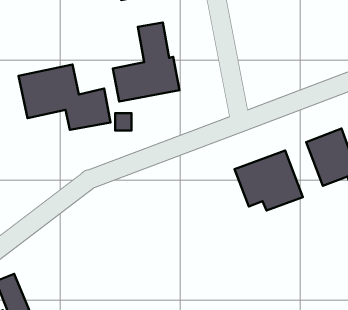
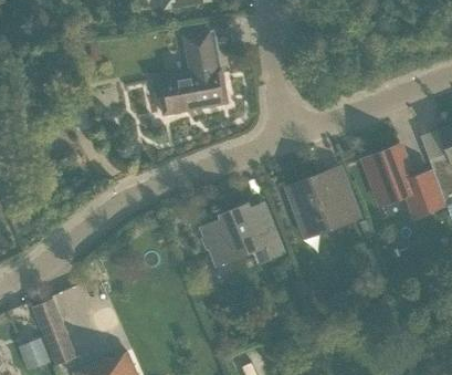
building: [18,65,111,130] -> none
building: none -> [200,202,285,268]

